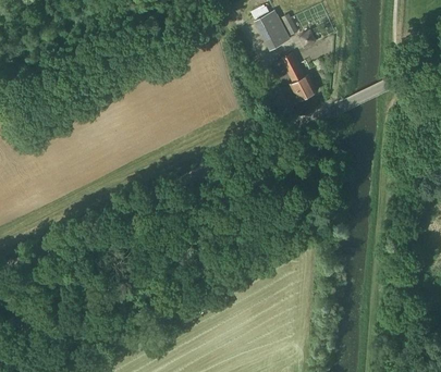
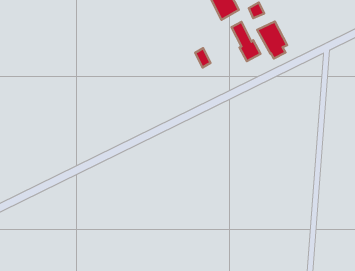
building: none -> [257,22,287,58]

